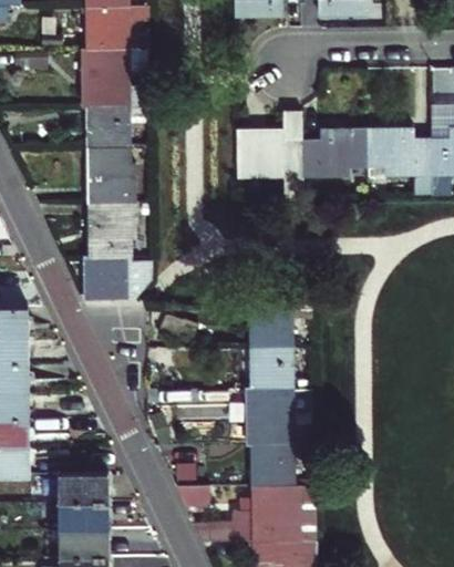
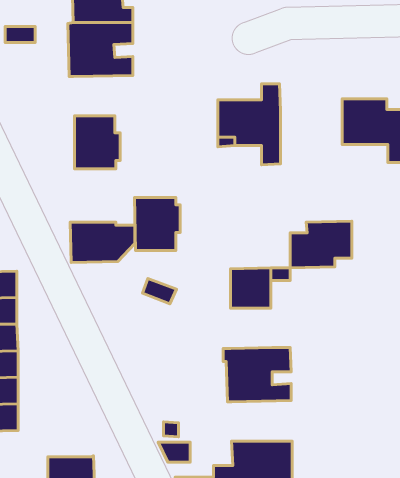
building: [86,104,148,146] -> none
building: [302,128,367,177] -> [290,221,352,268]
building: [87,202,135,257] -> [134,197,180,251]
building: [250,347,293,389] -> none
building: [251,443,313,485] -> none
building: [59,474,107,502] -> none

